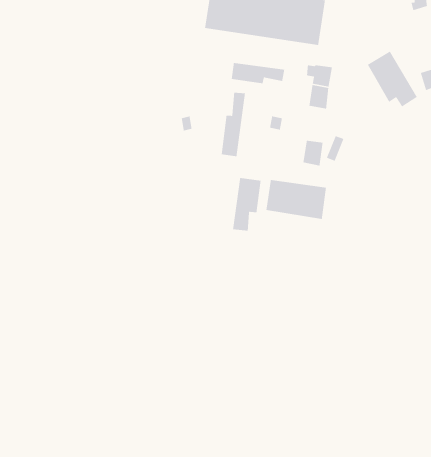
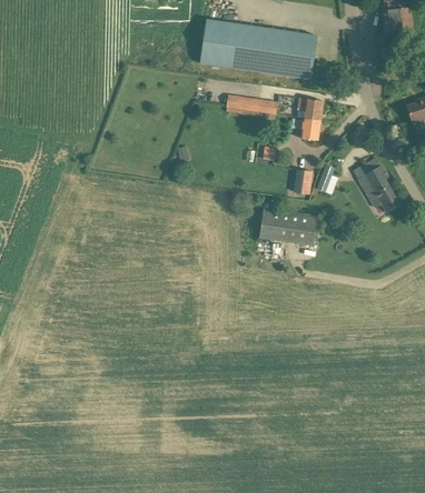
building: [367,51,418,107] -> [353,157,402,211]
building: [221,92,246,157] -> none
building: [232,177,262,231] -> none

